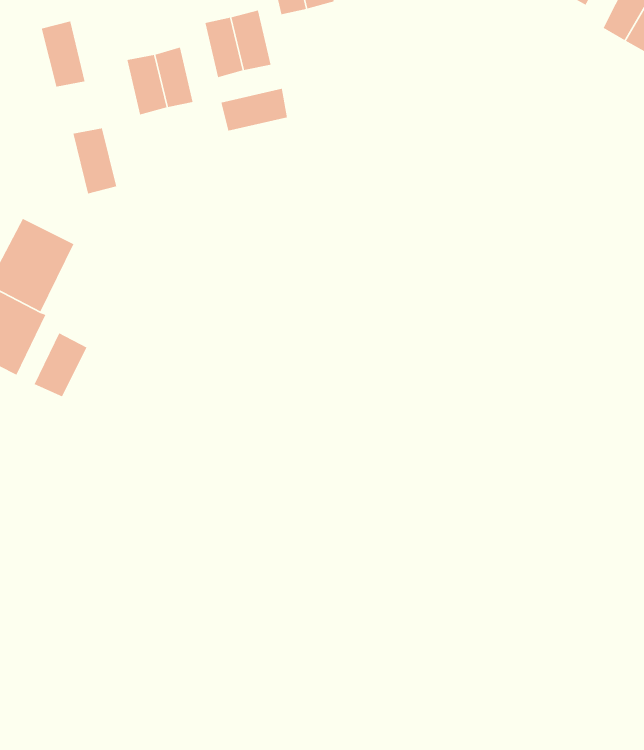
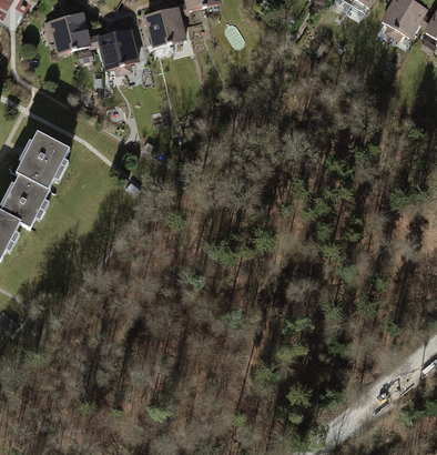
building: [220,88,288,131] -> none
building: [73,127,117,194] -> [64,11,91,51]
building: [33,332,88,398] -> none

